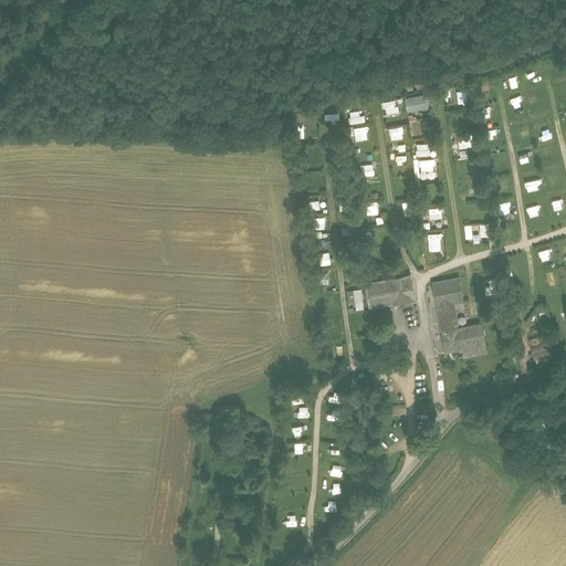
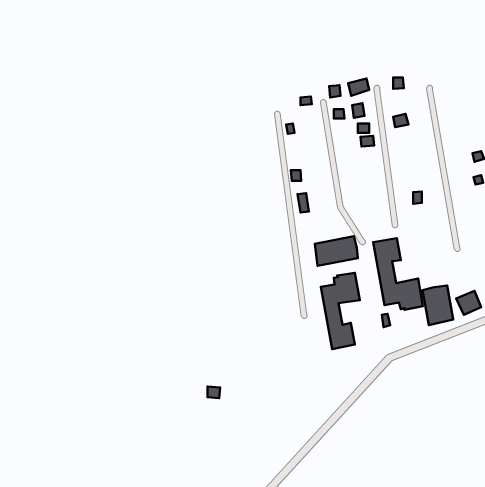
building: none -> [321,273,360,349]
building: none -> [423,286,453,325]

